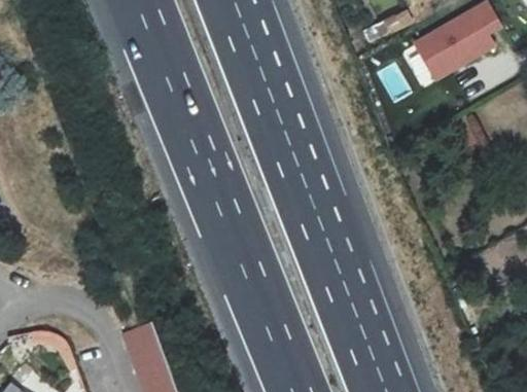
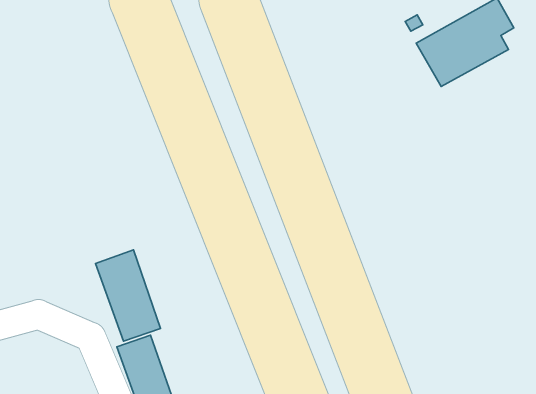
building: none -> [96,250,160,341]

